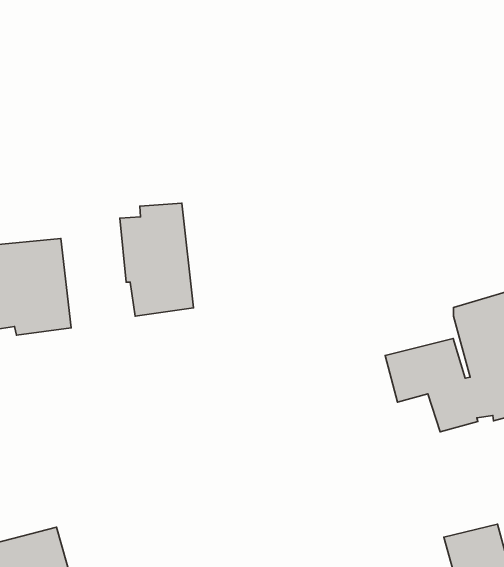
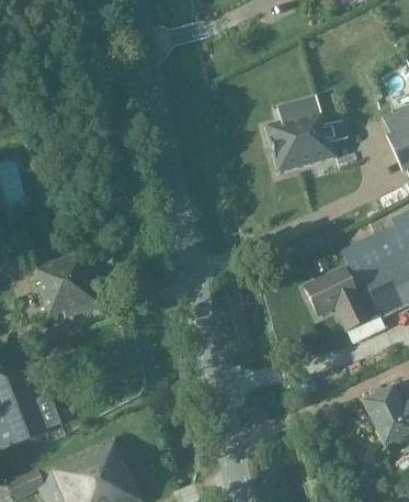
building: none -> [260,90,352,179]
building: [120,203,194,316] -> none

